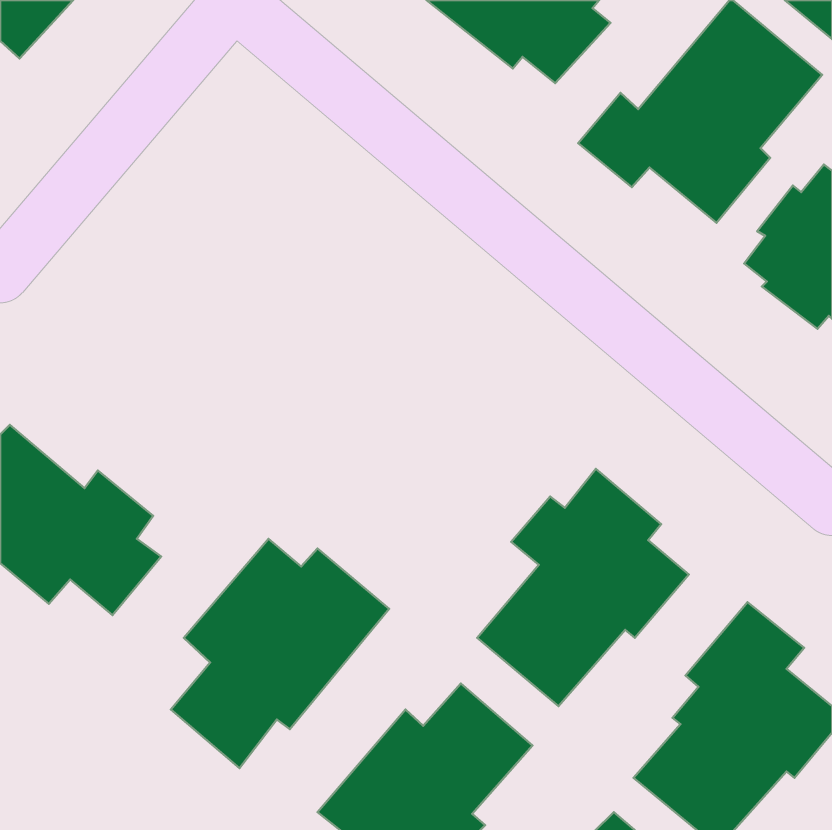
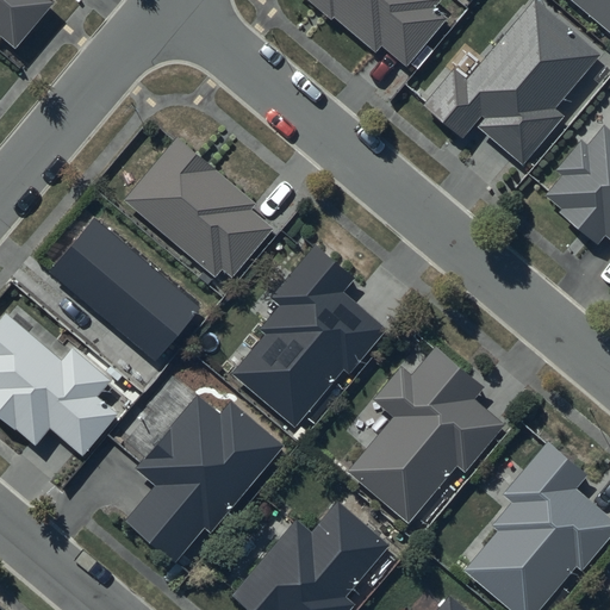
building: none -> [124,138,273,279]
building: none -> [51,217,199,355]
building: none -> [232,245,387,427]

